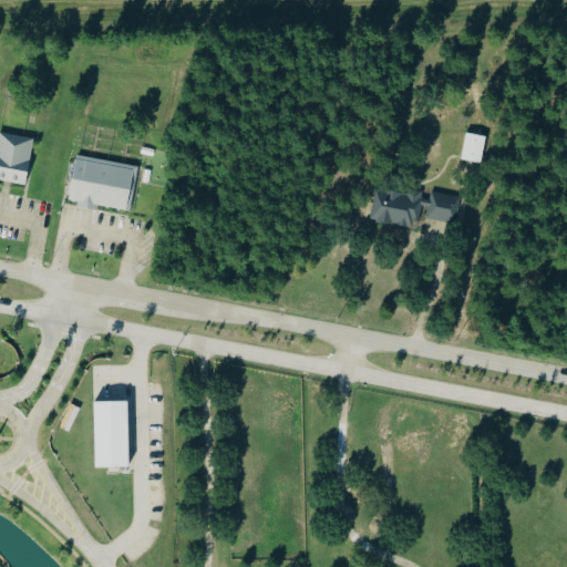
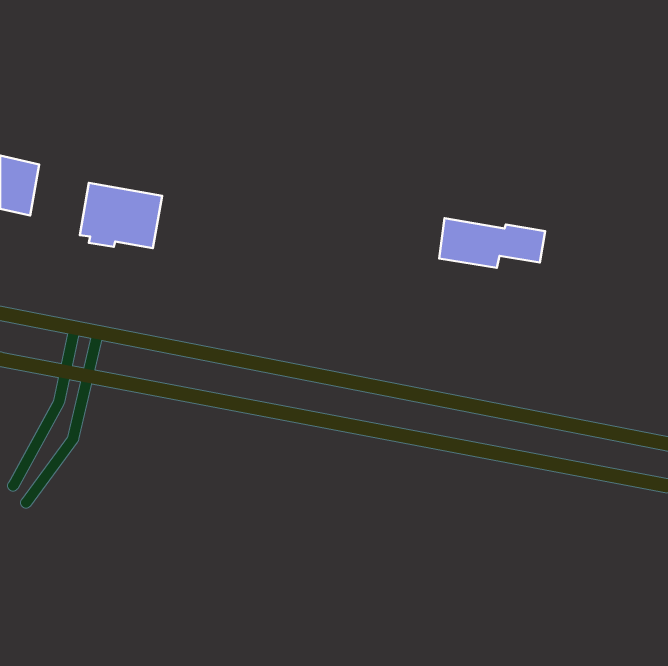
building: [461,133,487,163] -> none
building: [93,400,127,467] -> none

